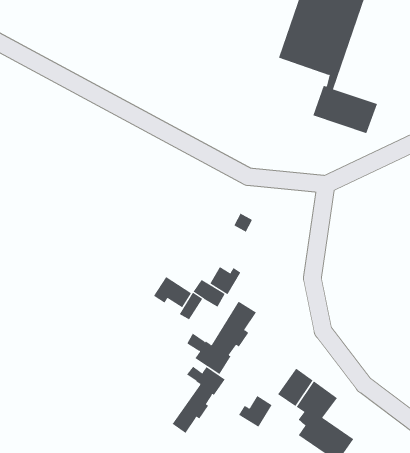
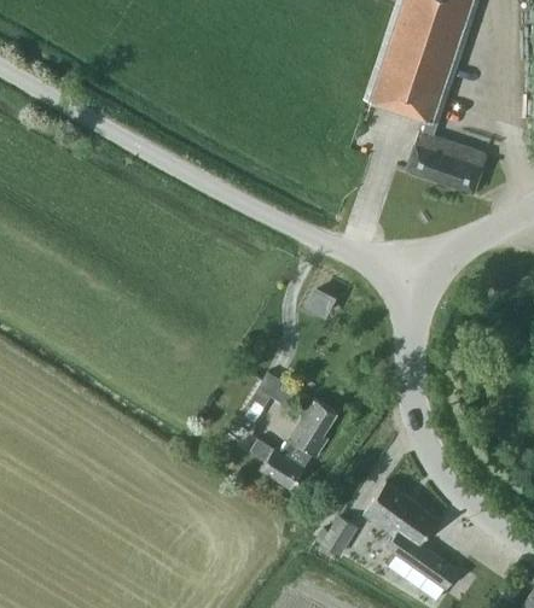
building: [209,266,241,295] -> none
building: [153,276,192,308] -> none
building: [172,366,225,434] -> none

